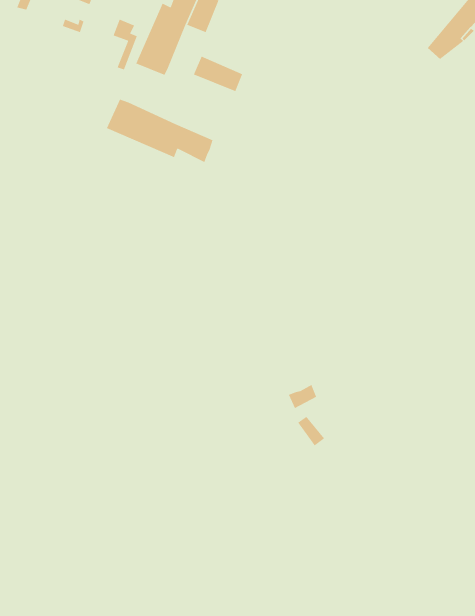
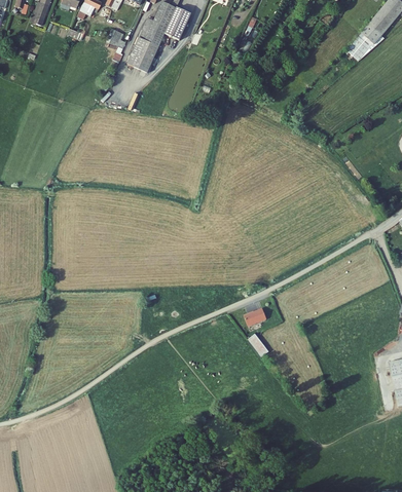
building: [193,55,243,92] -> none
building: [106,98,213,163] -> none

